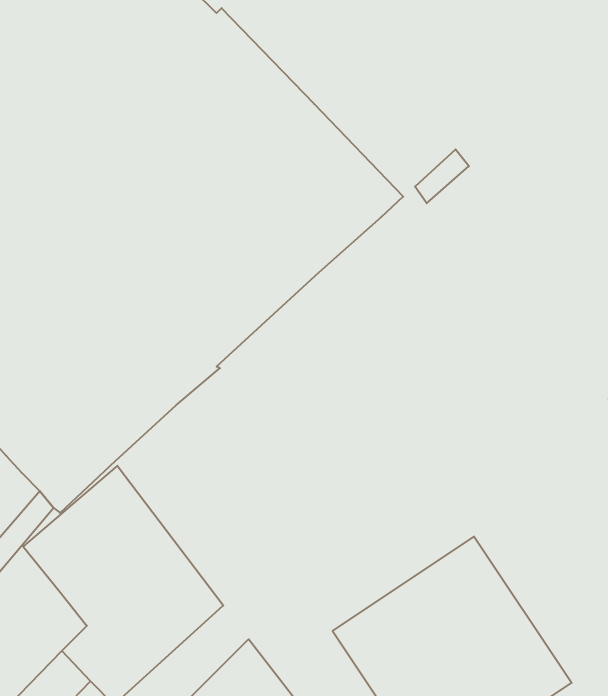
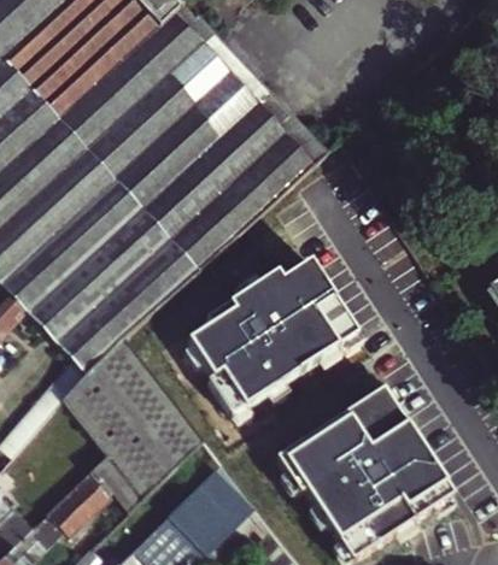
building: none -> [188,263,356,413]

